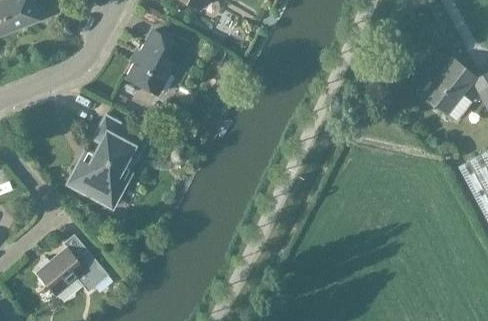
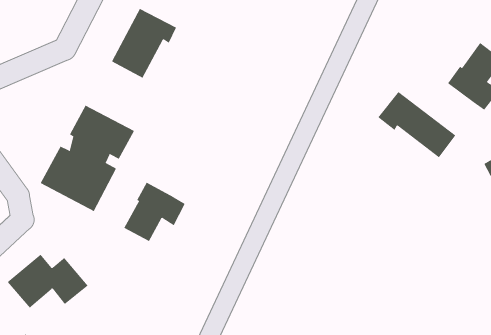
building: none -> [378,91,456,158]
building: none -> [124,182,186,242]

